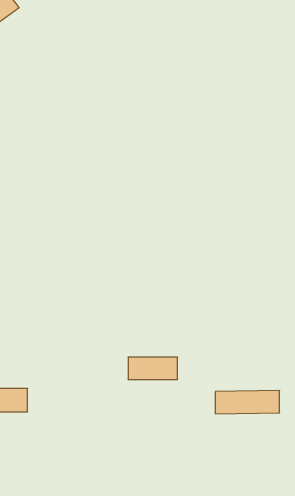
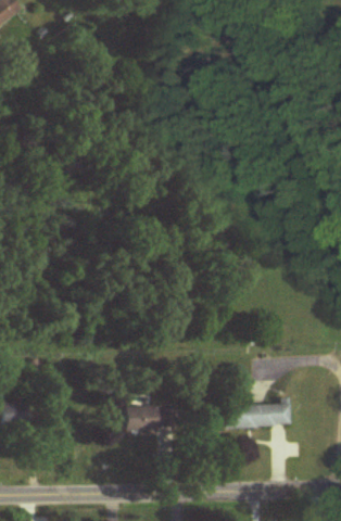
building: [128,357,178,379] -> [123,405,174,428]

